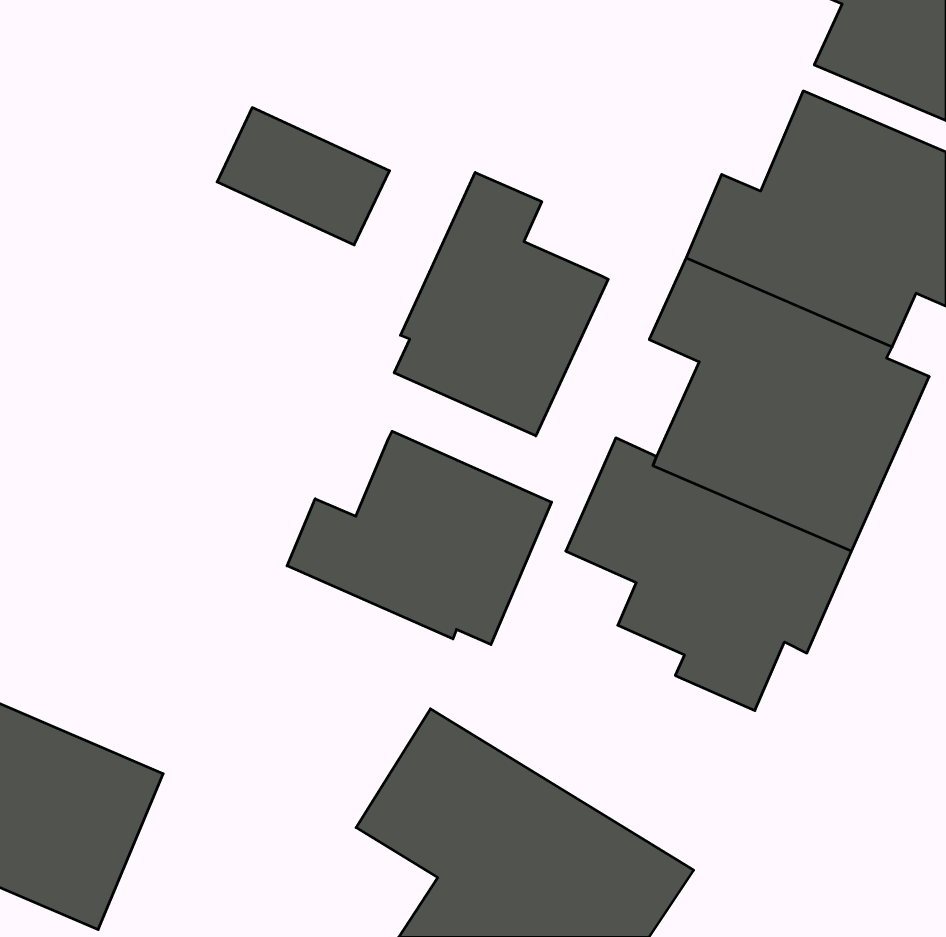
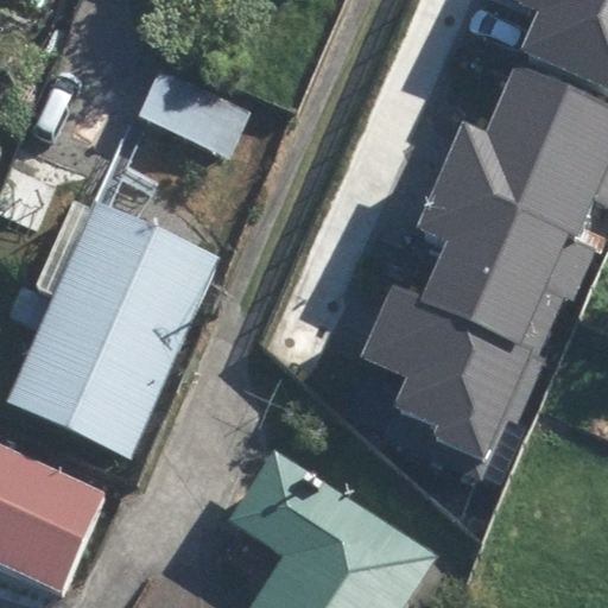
building: [394,172,608,436] -> none
building: none -> [8,209,218,462]
building: [287,431,552,645] -> none

